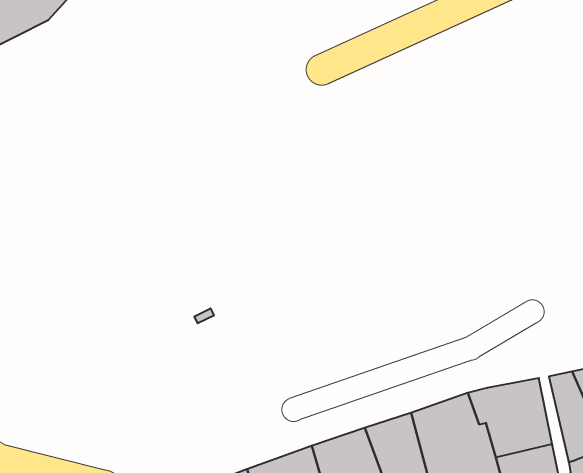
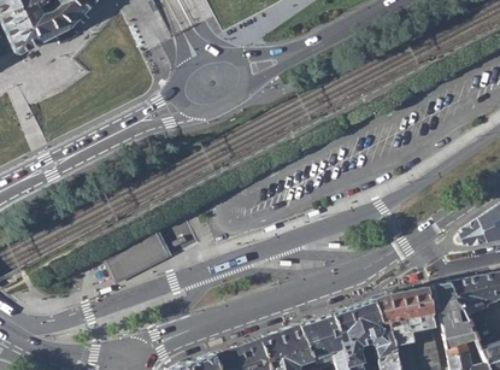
building: none -> [108,229,173,284]

